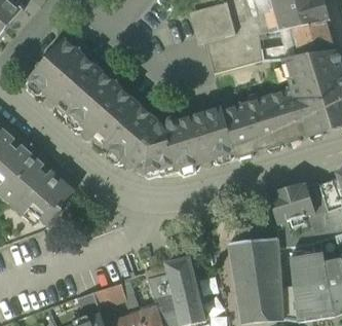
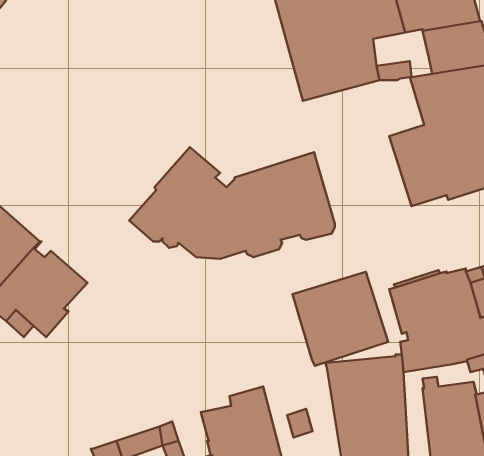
building: [26,36,141,152] -> none
building: [222,96,283,156] -> [293,272,388,366]

